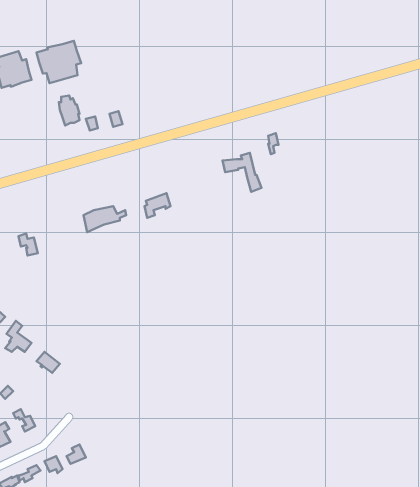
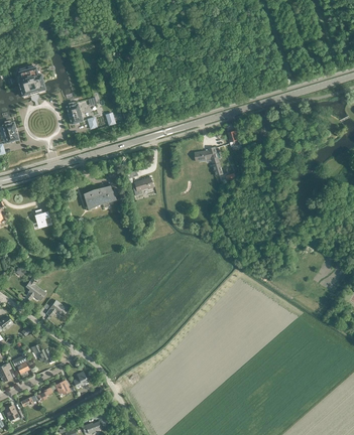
building: [36,41,81,83] -> none

